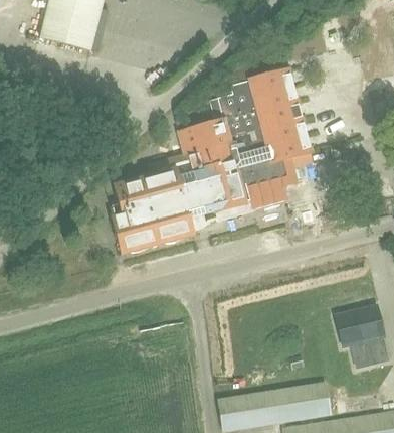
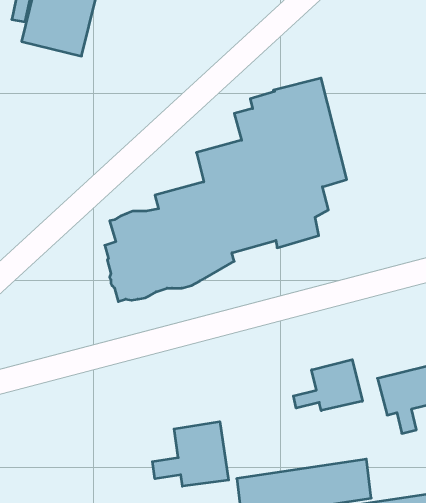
building: none -> [293,360,362,411]
building: none -> [152,422,229,486]

